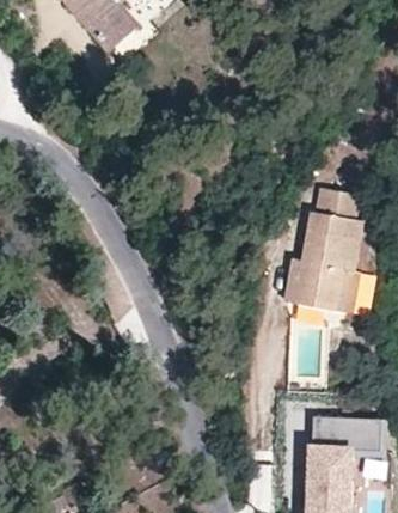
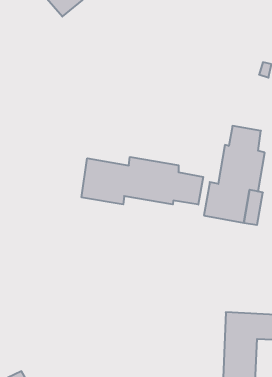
building: none -> [82,157,203,205]

